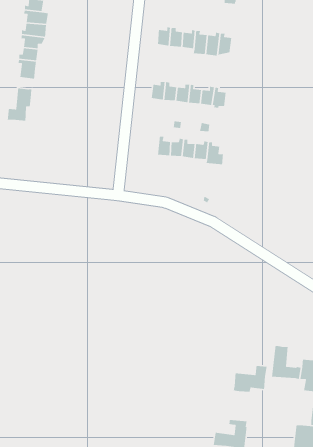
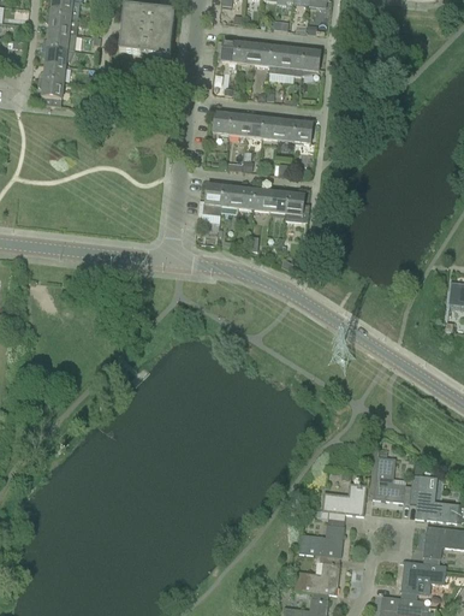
building: none -> [118,7,173,58]
building: [7,88,32,122] -> none
building: none -> [202,179,222,215]
building: none -> [298,517,343,556]

